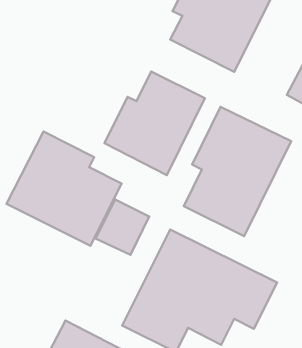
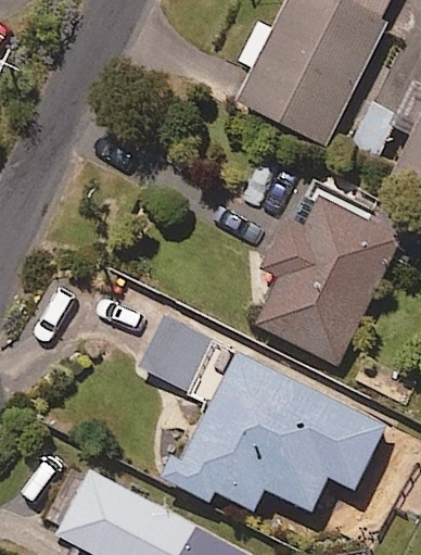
building: [104,72,205,175] -> none
building: [6,131,121,246] -> none

